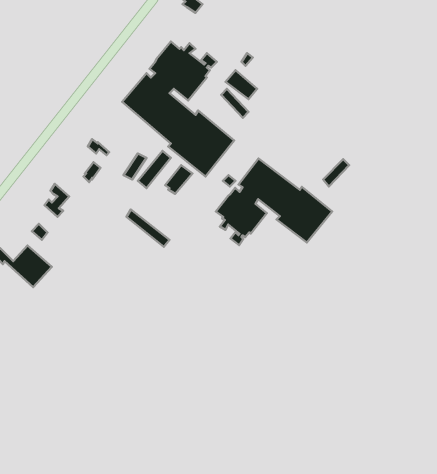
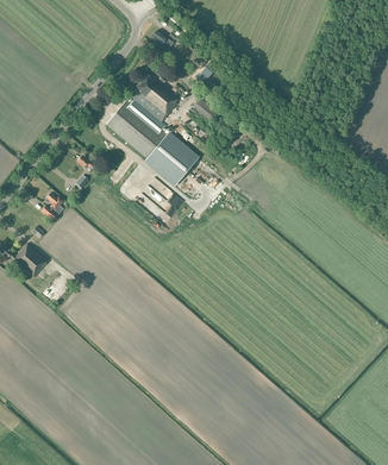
building: [216,158,332,245] -> none

